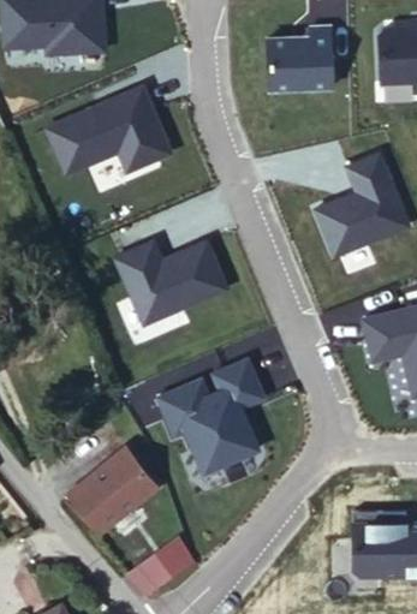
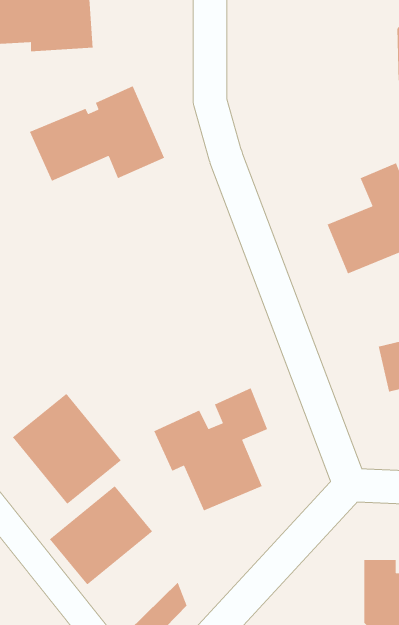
building: [264,26,330,90] -> none
building: [117,243,228,326] -> none
building: none -> [12,393,122,505]

